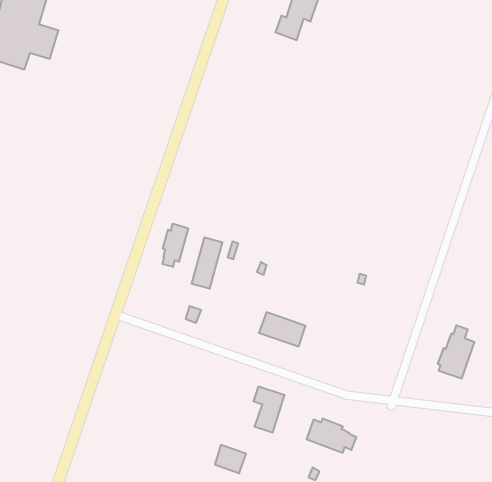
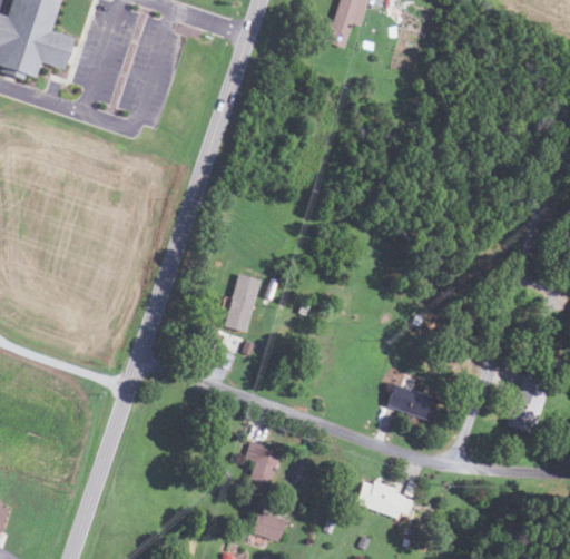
building: [163,224,188,267] -> none
building: [259,312,306,346] -> [385,382,439,421]
building: [253,387,285,432] -> [245,441,281,493]

